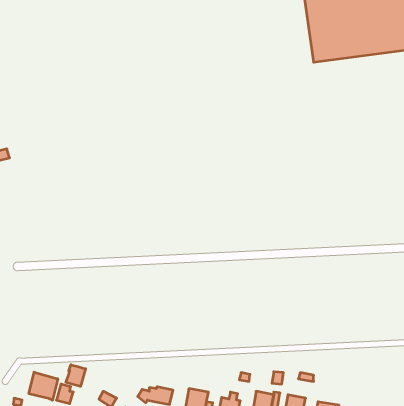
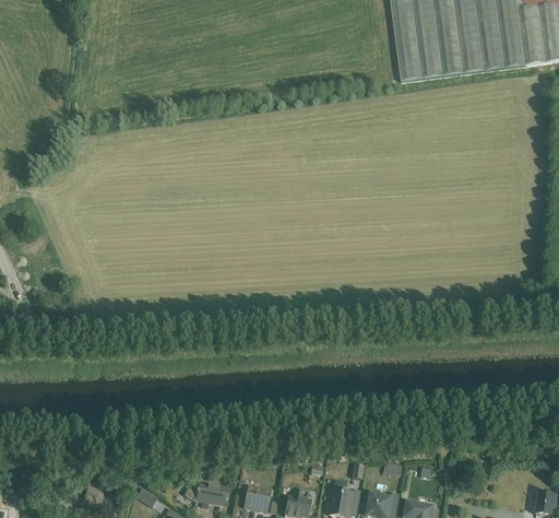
building: [66,365,86,386] -> none
building: [29,372,58,400] -> none

